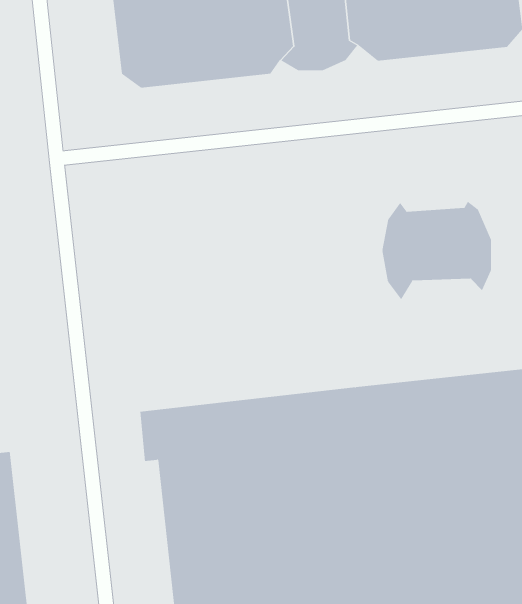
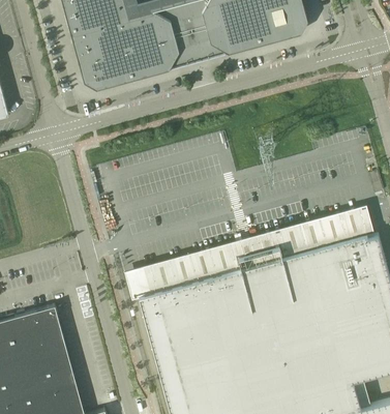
building: [382,201,492,300] -> none

